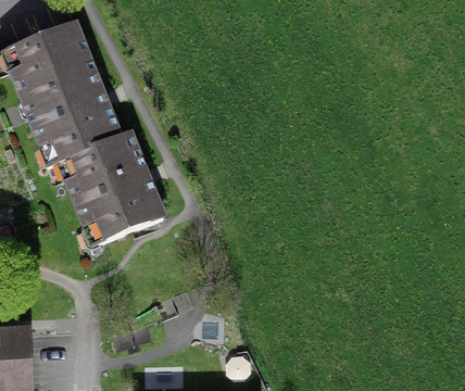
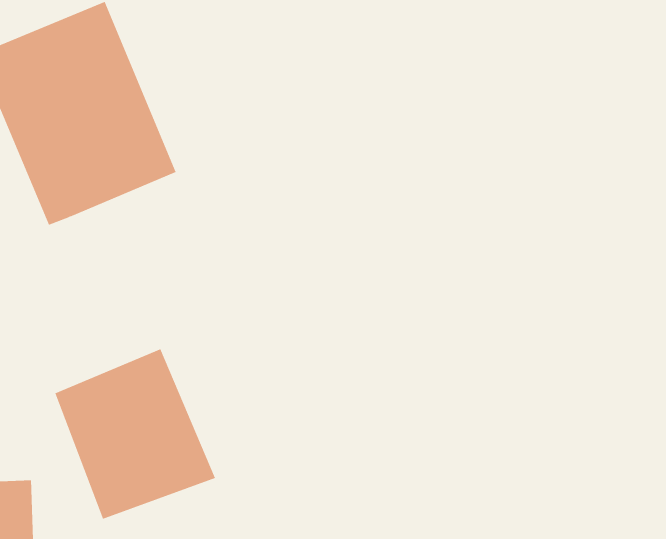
building: [56,128,162,240] -> [54,348,216,520]

